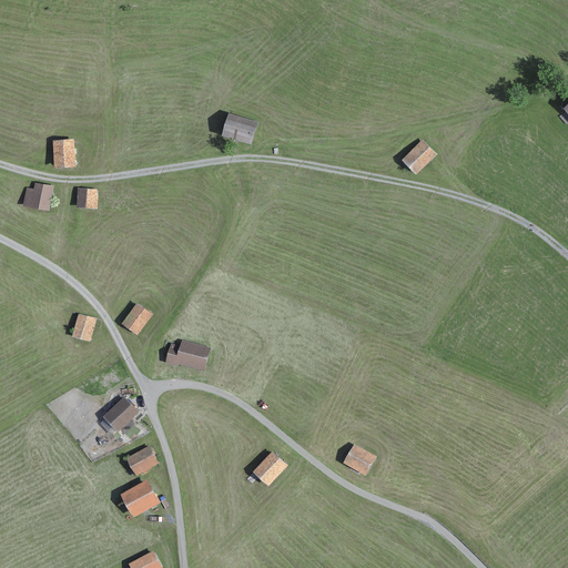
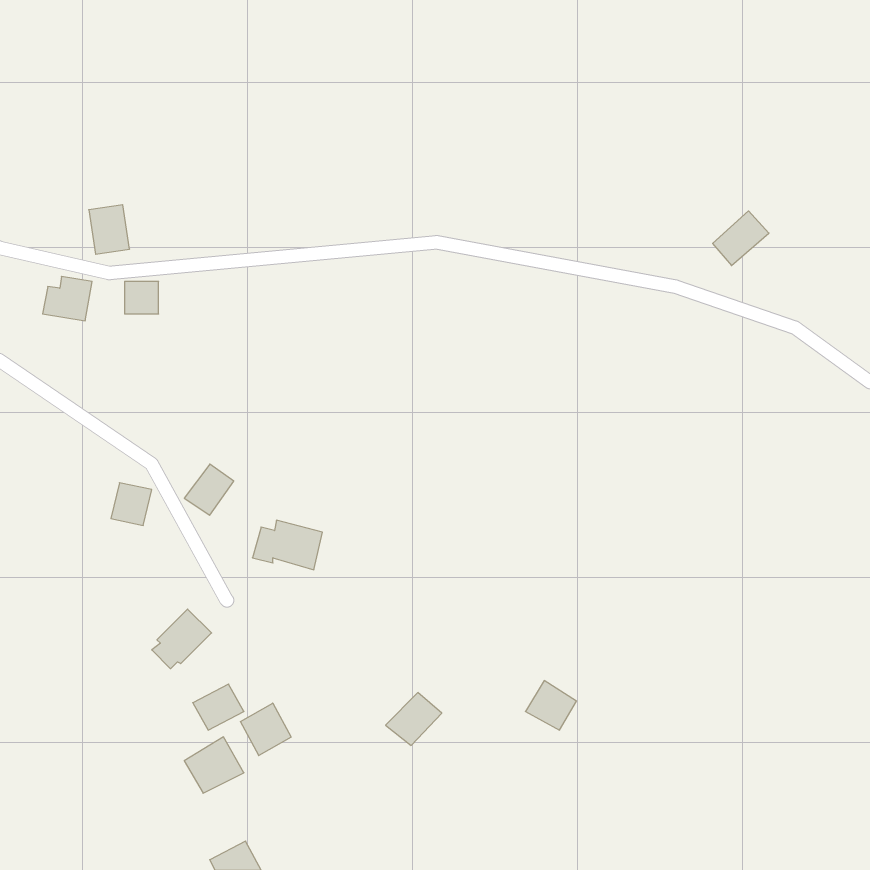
building: [215,112,252,144] -> none
building: [397,141,434,176] -> [713,211,769,266]
building: none -> [240,703,291,756]

